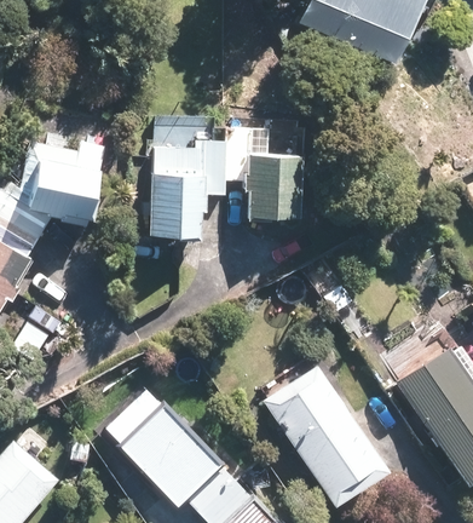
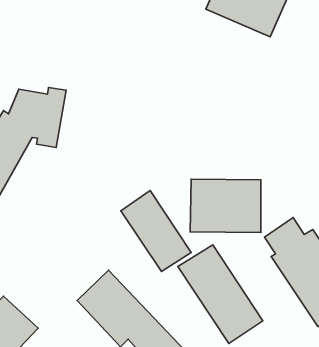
building: [151,116,302,234] -> none
building: none -> [190,179,261,233]
building: none -> [121,191,191,272]

